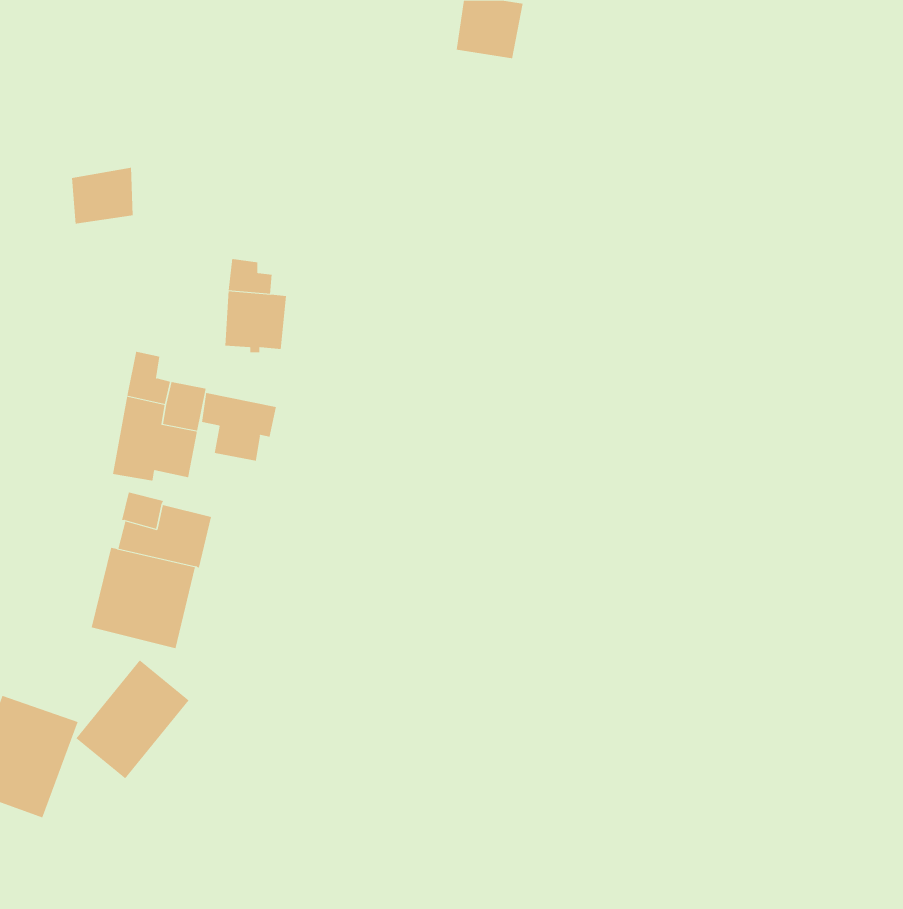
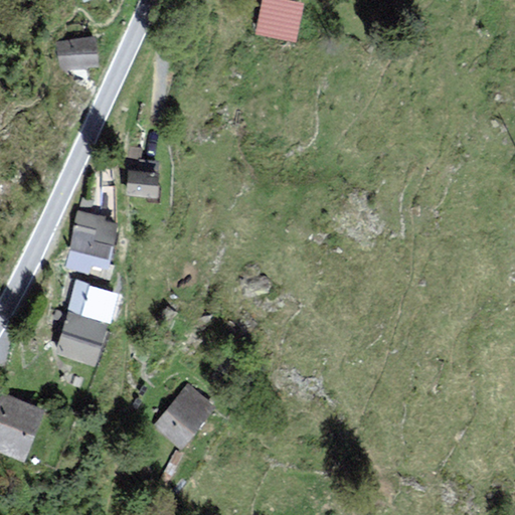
building: [71,167,134,224] -> [57,37,93,69]
building: [201,392,276,462] -> none
building: [75,660,189,779] -> [154,383,218,451]

